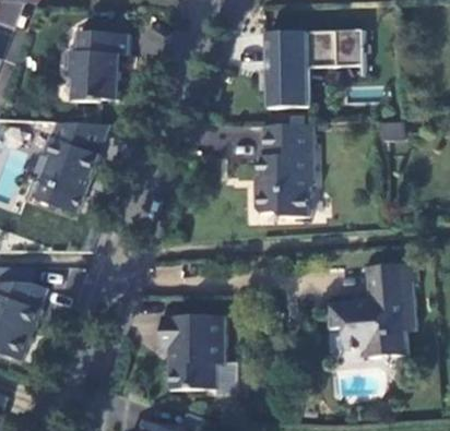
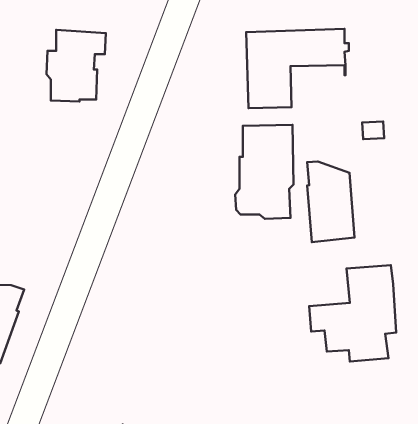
building: [29,122,103,213] -> none
building: none -> [307,162,354,242]
building: [162,315,225,390] -> none

